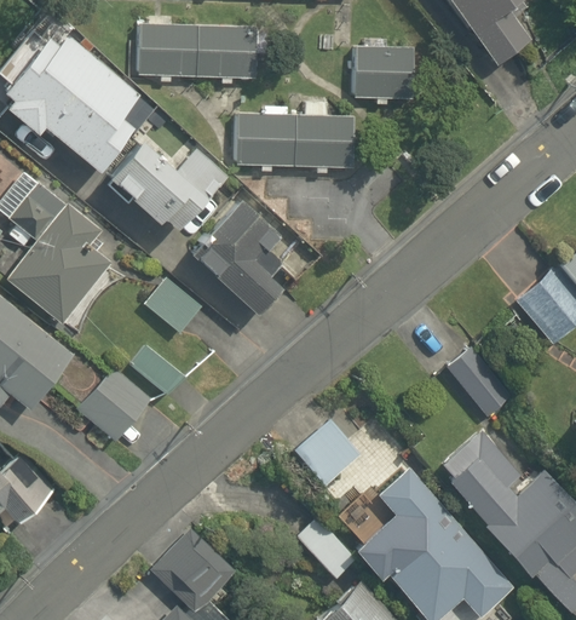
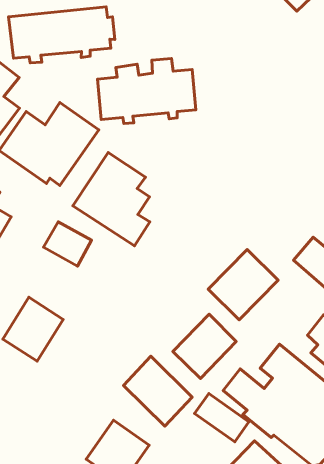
building: [352,46,413,102] -> none
building: none -> [208,250,278,320]
building: none -> [123,356,192,426]

